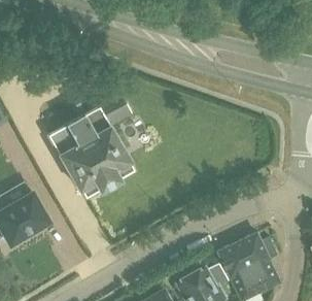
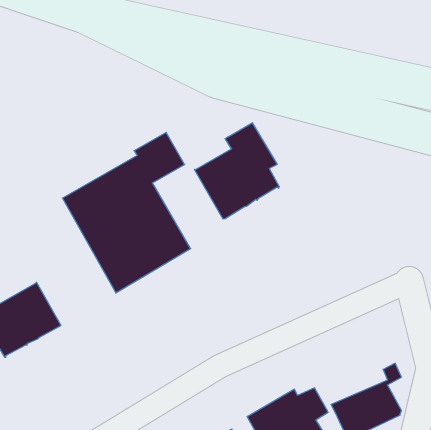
building: none -> [195,123,279,219]
building: [218,234,273,275] -> none

